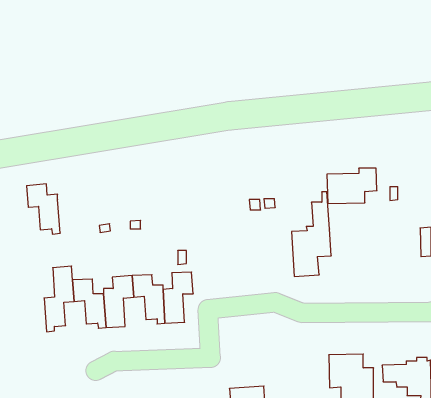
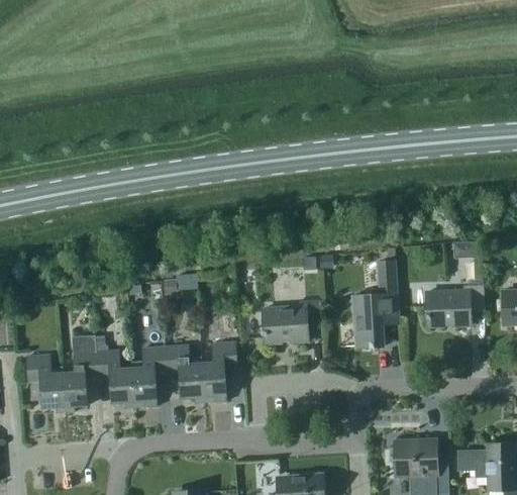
building: [327,168,377,204] -> [425,284,484,325]
building: [27,184,60,234] -> [25,354,65,412]
building: none -> [262,298,321,342]

